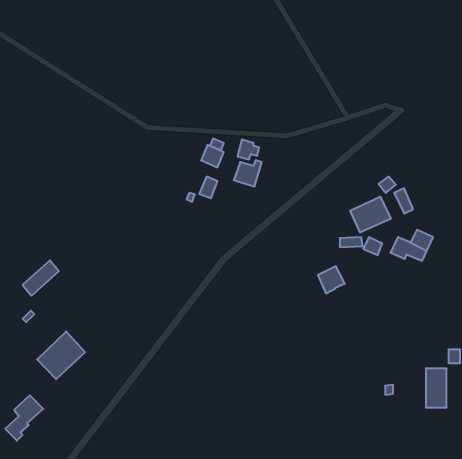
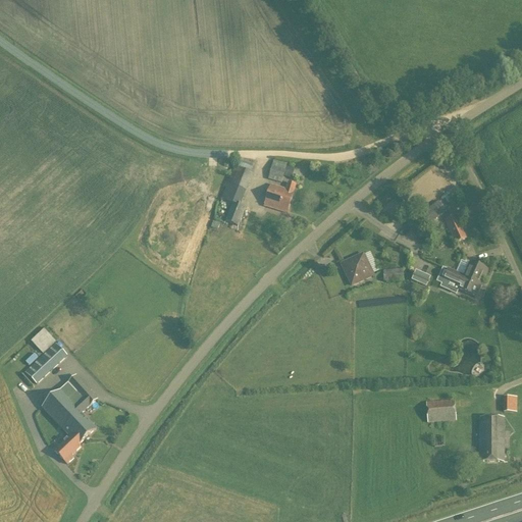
building: [350,197,391,233] -> none
building: [23,260,59,296] -> [24,343,65,382]
building: [318,266,345,293] -> [342,252,372,282]
building: none -> [425,397,456,420]
building: [5,395,43,441] -> [53,411,96,462]

